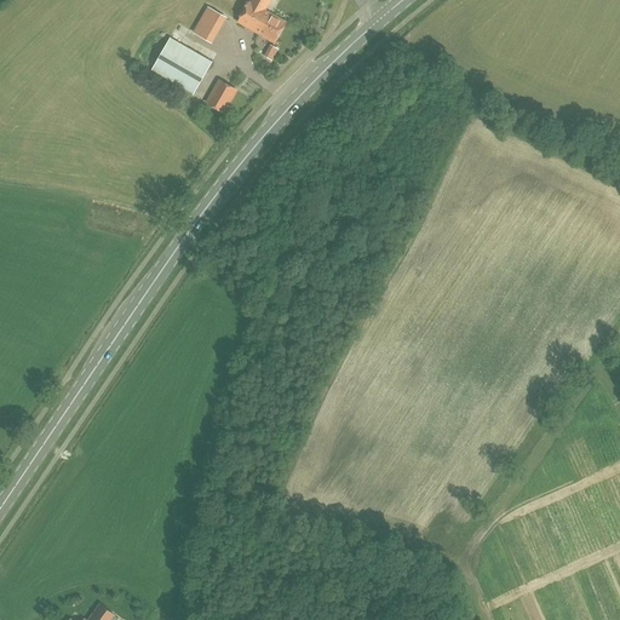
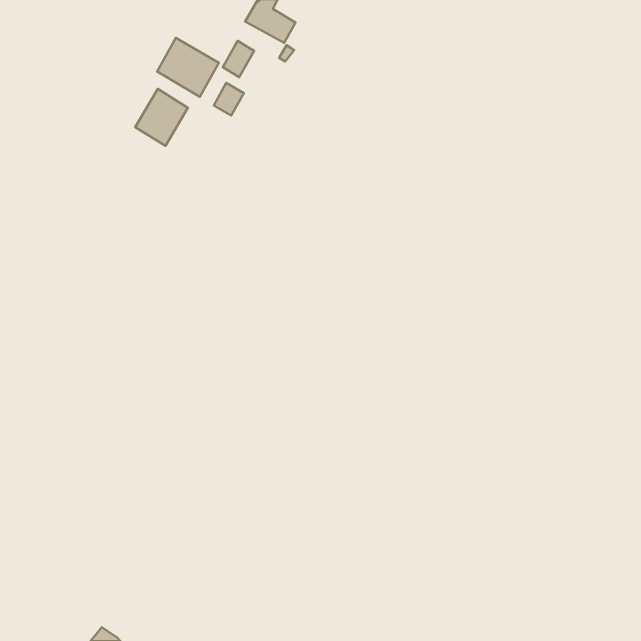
building: [194,6,224,41] -> [223,41,254,77]
building: none -> [135,89,188,146]

